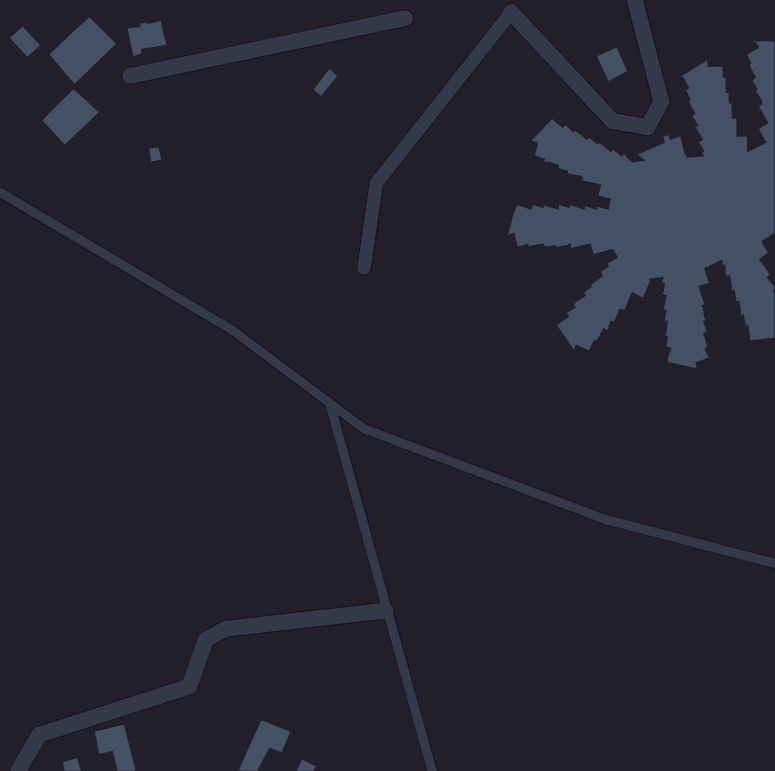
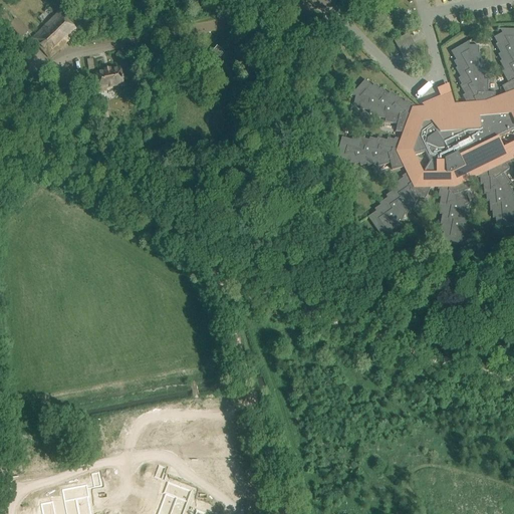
building: [127,20,168,57] -> [96,66,123,90]
building: [42,88,99,145] -> none

